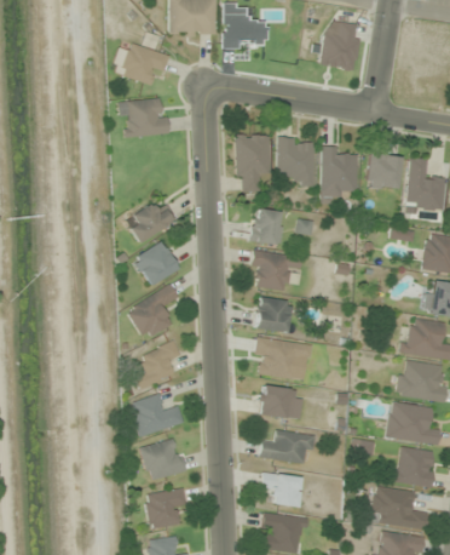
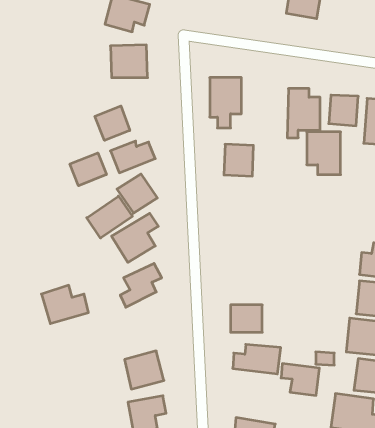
building: [278,138,316,185] -> [307,132,341,175]
building: none -> [95,106,130,140]
building: none -> [70,153,106,186]
building: [252,251,302,291] -> none
building: none -> [87,196,132,238]
building: [258,299,289,331] -> none
building: [255,338,312,379] -> none
building: [131,394,183,436] -> [41,285,88,324]
building: [262,473,305,508] -> [281,364,319,395]

